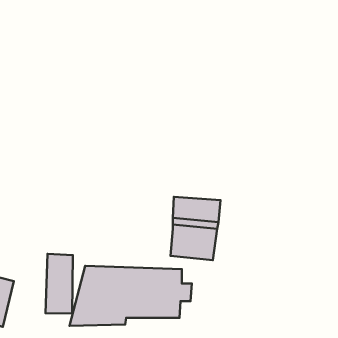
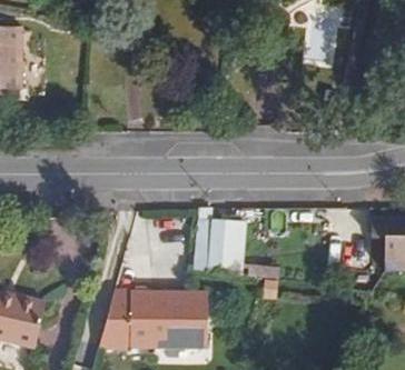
building: [45,254,73,313] -> none

